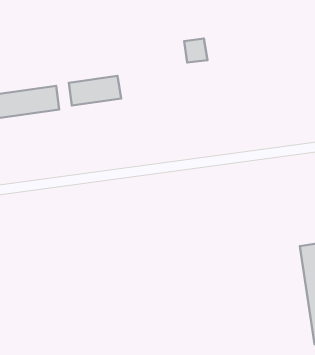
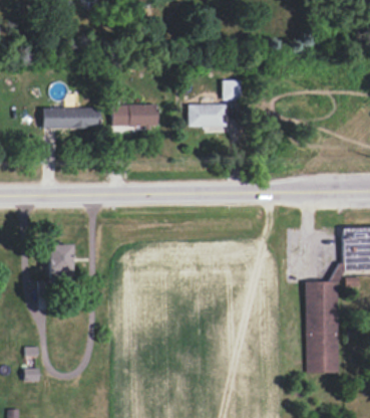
building: none -> [188,103,226,127]
building: none -> [48,244,72,273]

